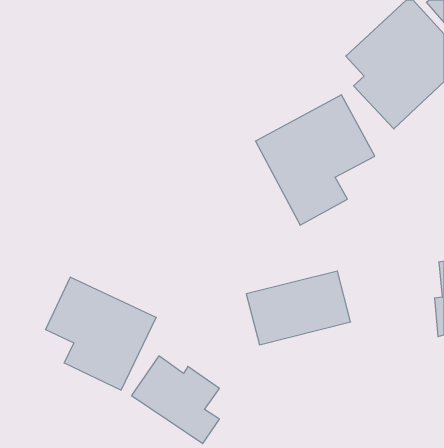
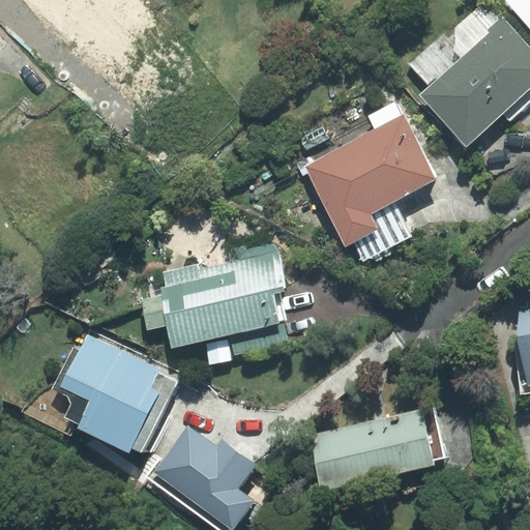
building: none -> [140,248,286,347]
building: [246,271,351,345] -> [327,409,450,496]

